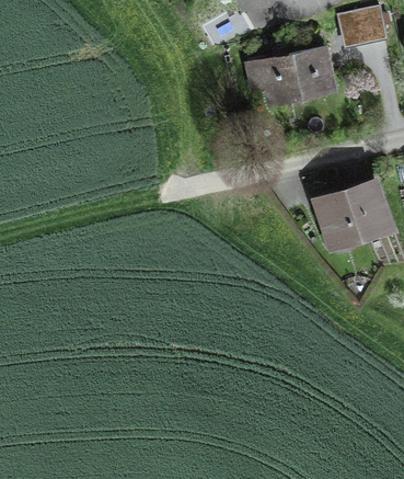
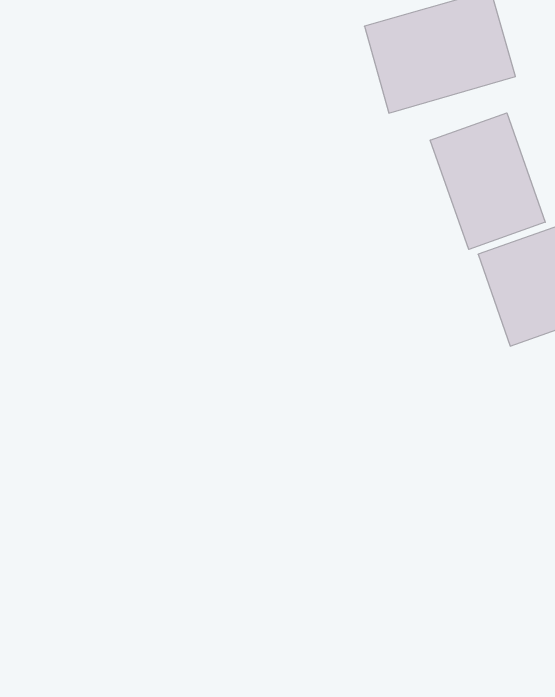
building: none -> [430,113,545,249]

